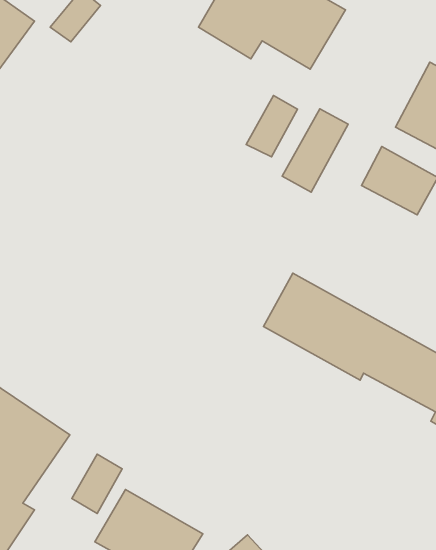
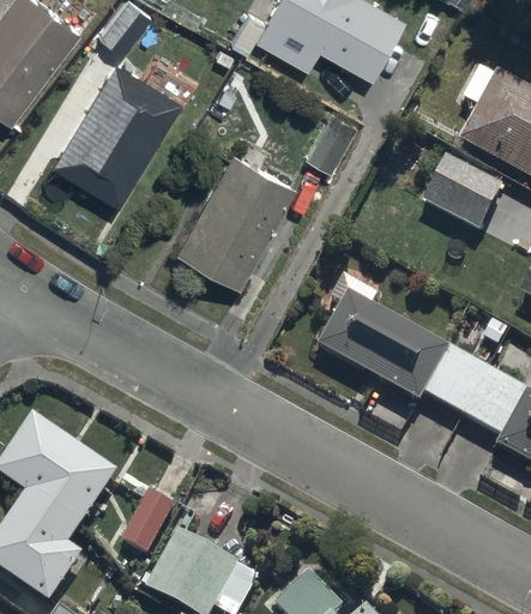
building: none -> [53,62,183,207]
building: [282,109,348,192] -> none
building: none -> [179,152,298,289]

